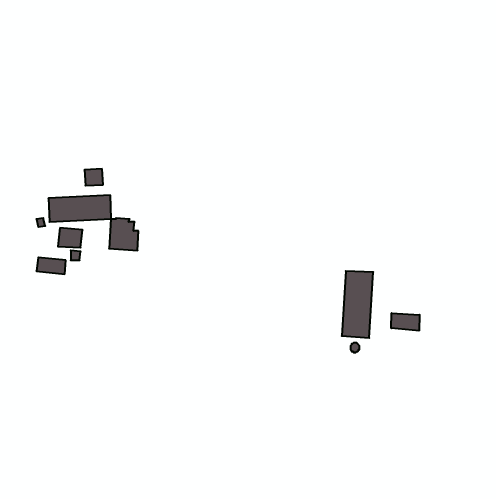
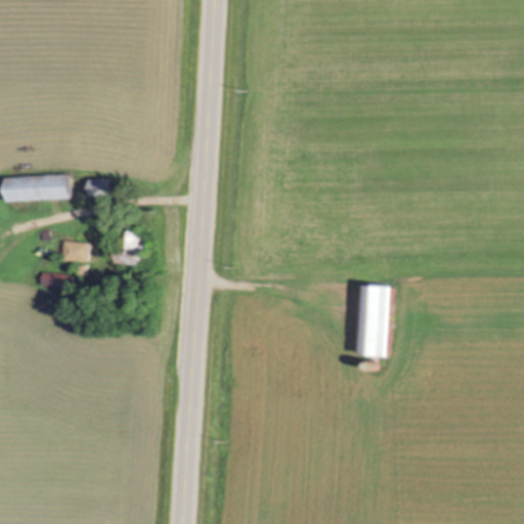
building: [48,195,111,222] -> [4,174,70,202]
building: [391,313,420,331] -> none

